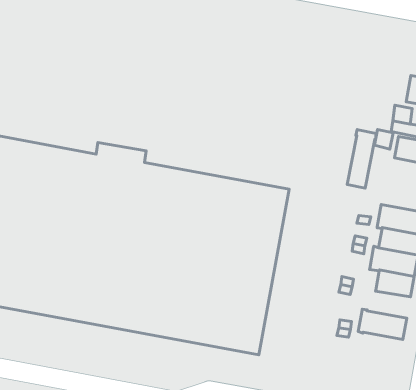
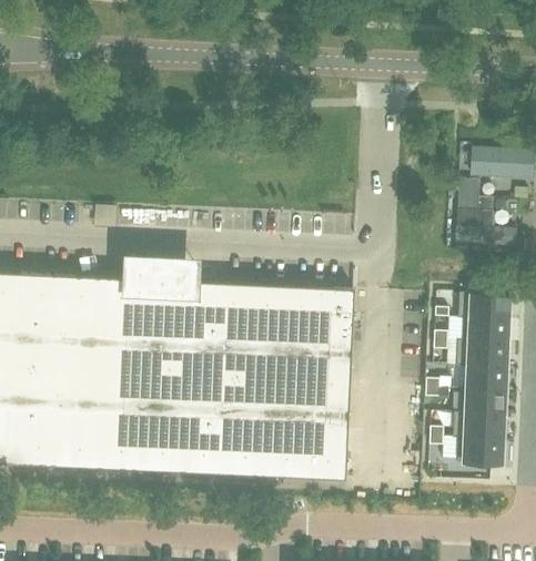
building: [347,130,376,188] -> none
building: none -> [458,390,505,417]
building: none -> [456,439,503,466]

